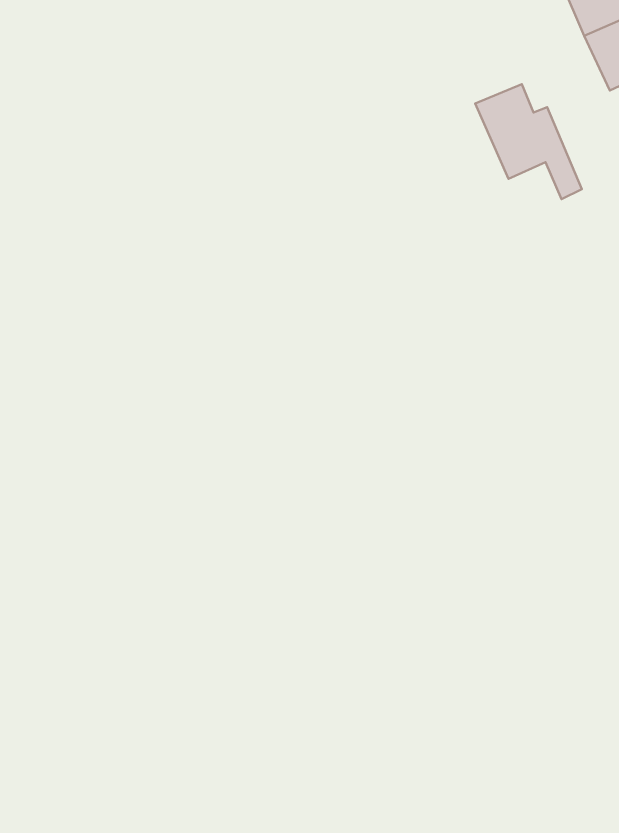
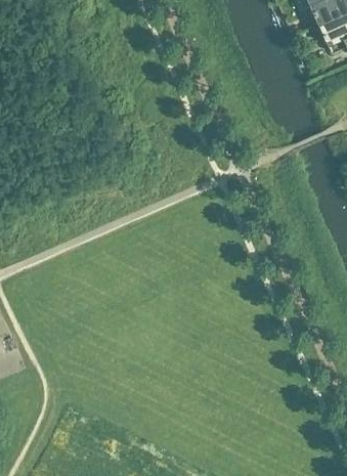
building: [475,84,582,199] -> none

